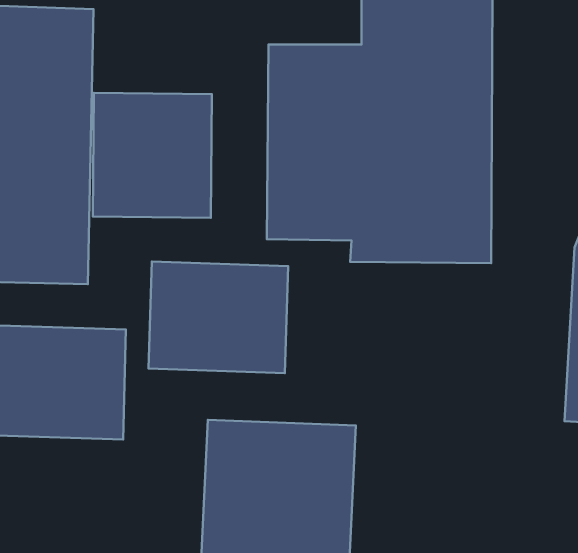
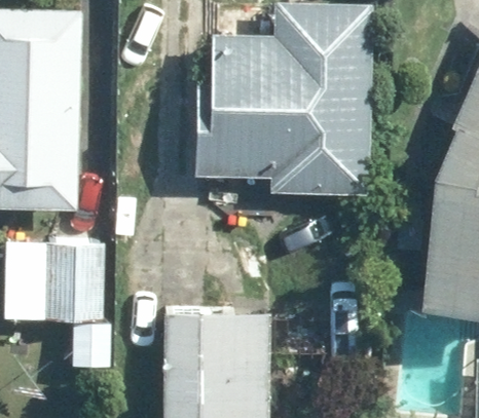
building: [93,93,212,218] -> none
building: [148,262,288,373] -> none

